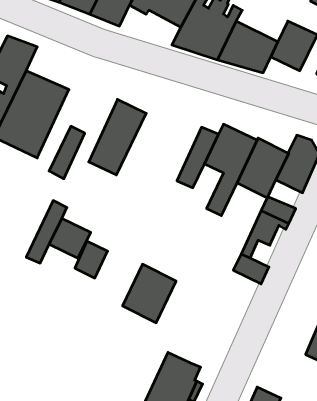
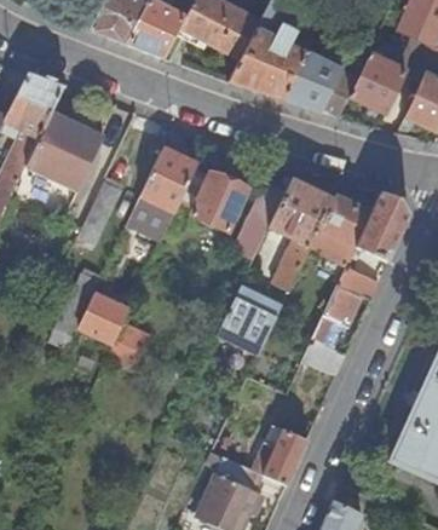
building: none -> [191,172,248,231]
building: [123,264,176,323] -> [217,283,282,355]
building: none -> [252,424,307,485]

